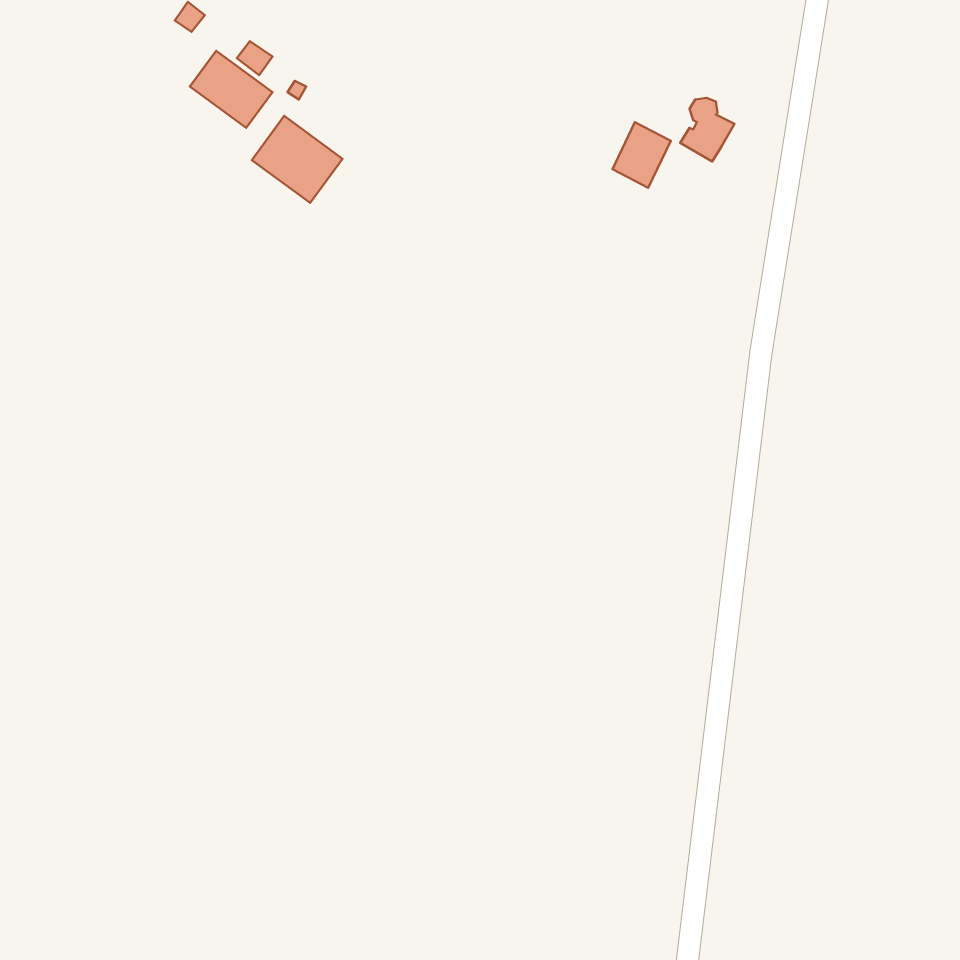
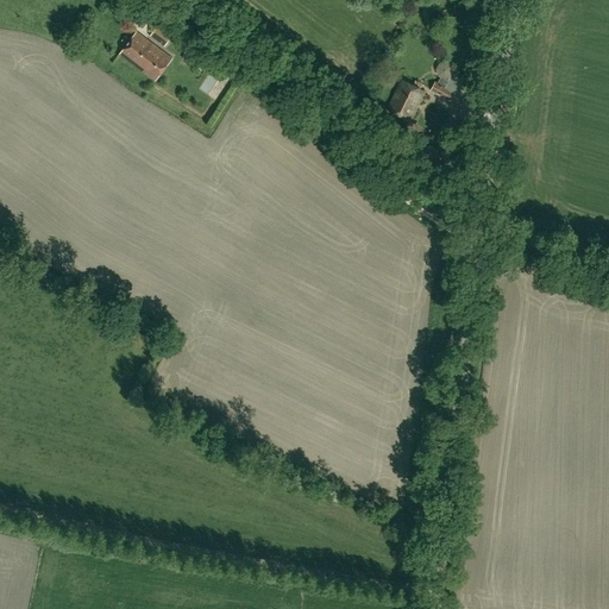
building: [252,116,343,203] -> none

